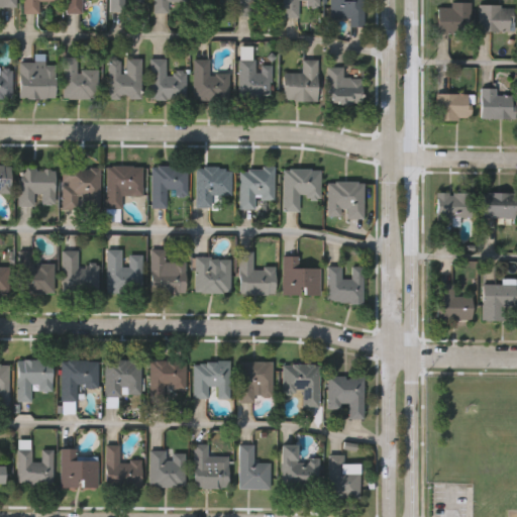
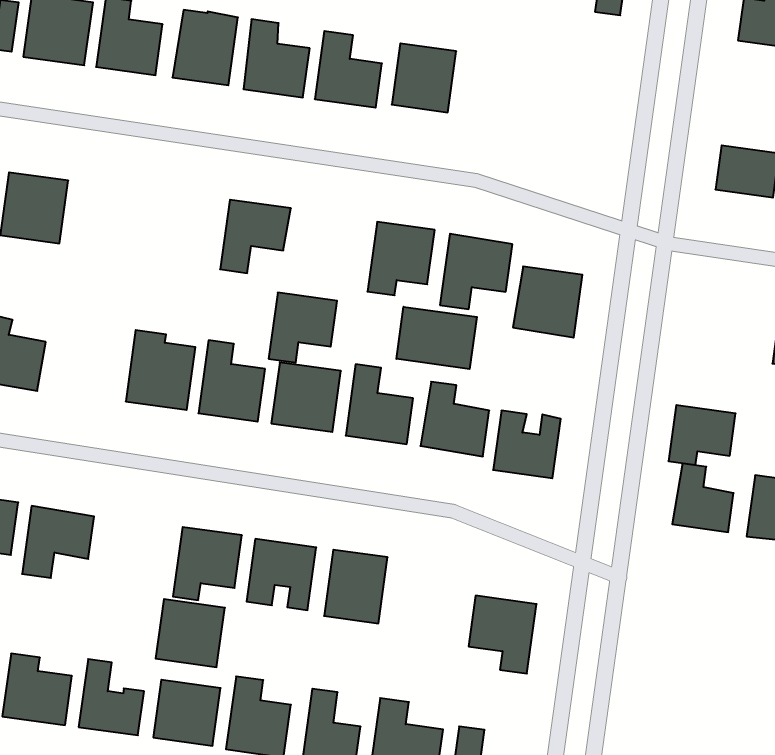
building: [284,60,319,101] -> none
building: [328,68,363,105] -> none
building: [64,166,101,210] -> none
building: [107,166,144,208] -> none
building: [197,167,232,206] -> [269,293,337,363]
building: [435,192,471,225] -> [668,405,736,465]
building: none -> [396,307,477,369]
building: [65,250,100,291] -> none
building: [106,360,142,396] -> [156,599,225,667]
building: [284,365,320,407] -> none

